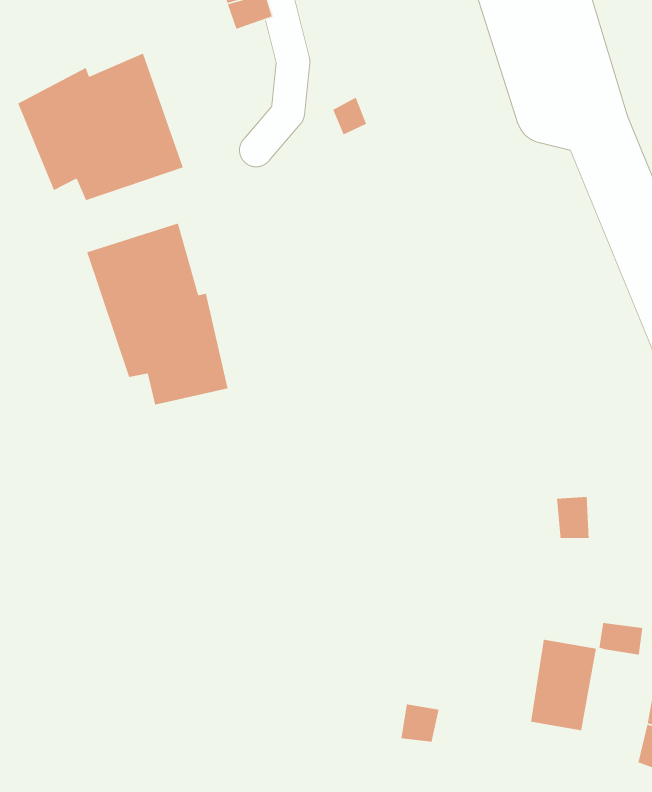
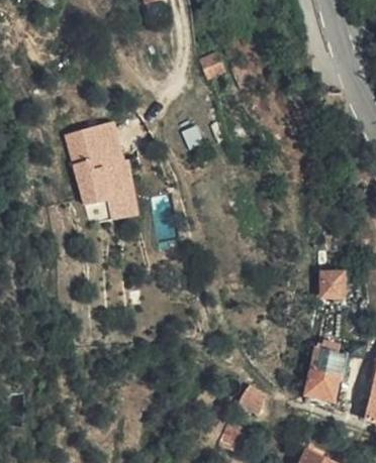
building: [17,52,184,201] -> none

